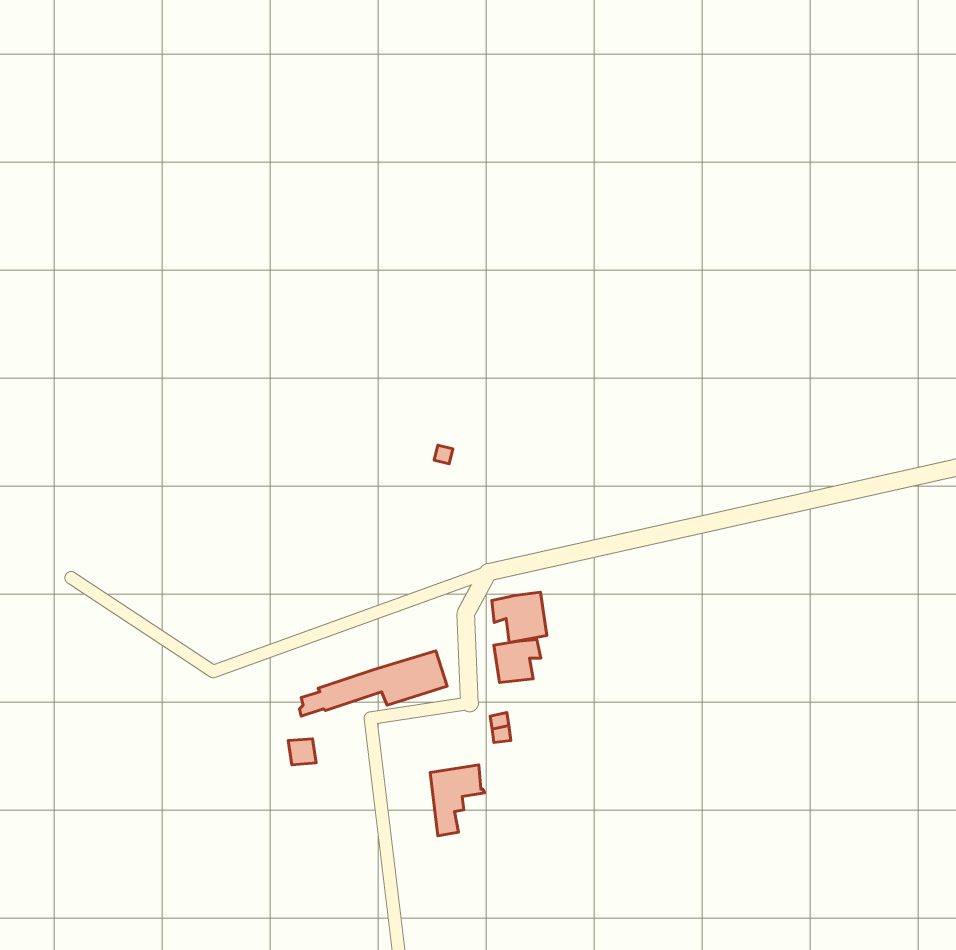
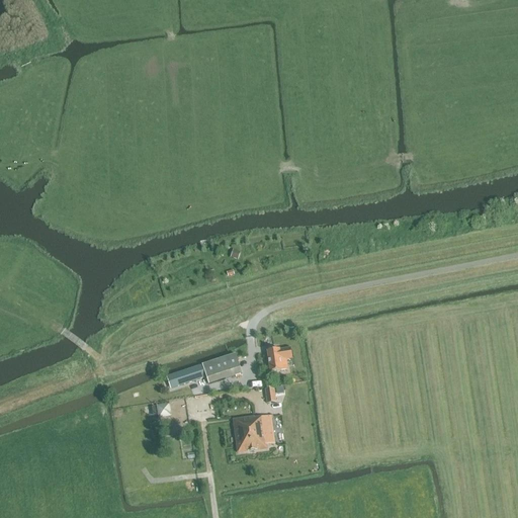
building: [492,592,547,643] -> none
building: none -> [246,414,275,450]

